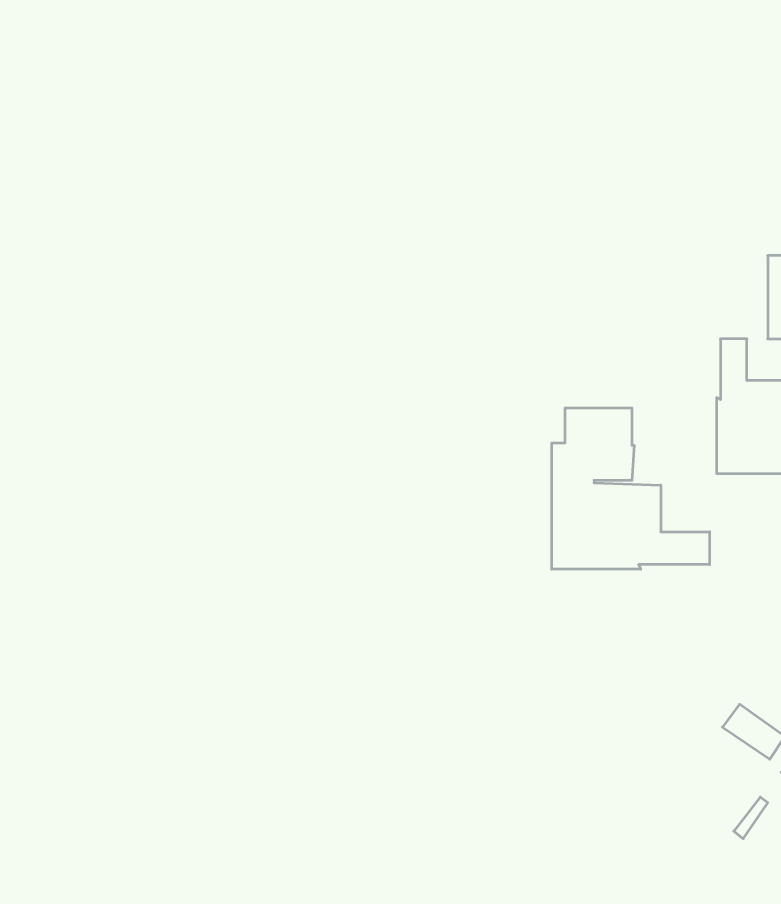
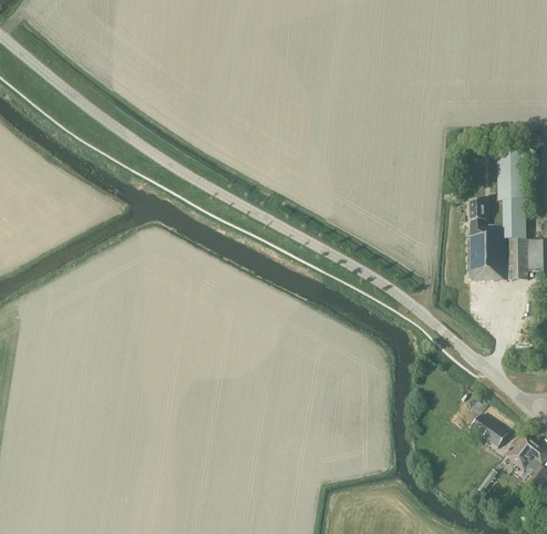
building: [552,408,710,569] -> none

